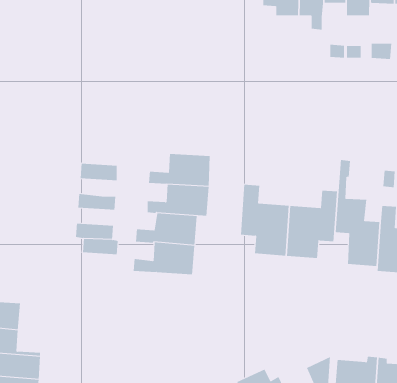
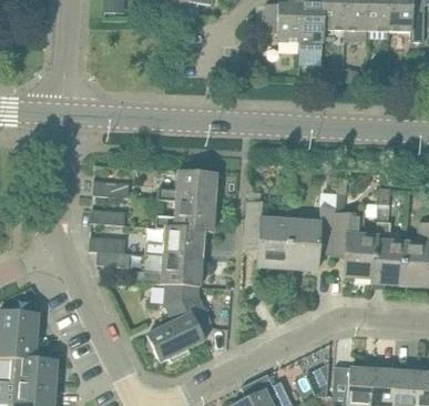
building: none -> [147,283,211,361]

